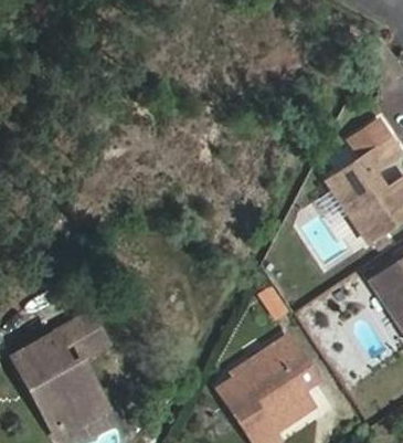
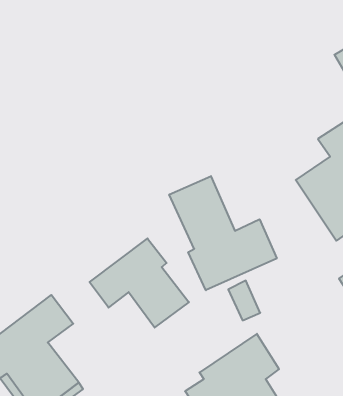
building: none -> [169,176,277,290]
building: none -> [90,238,189,328]

